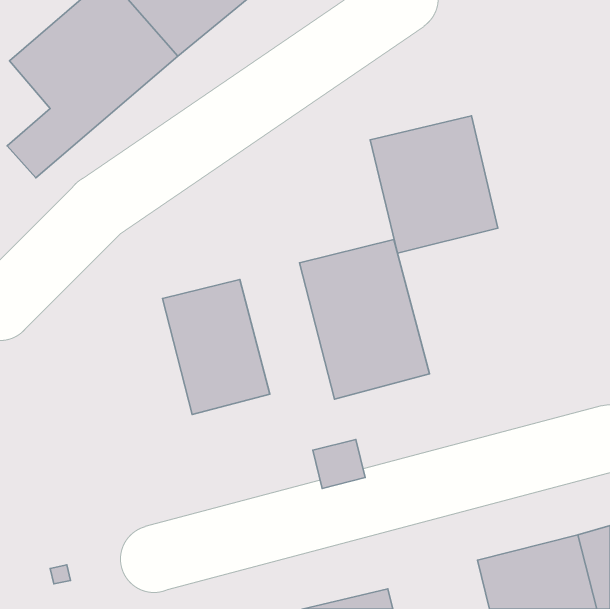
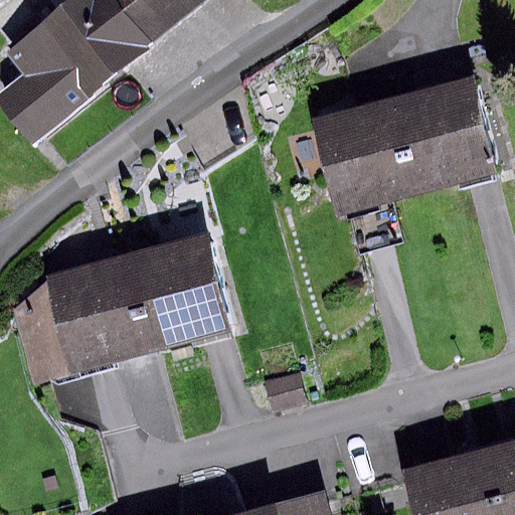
building: none -> [397,79,496,192]
building: [299,240,429,399] -> none
building: none -> [17,251,162,381]

